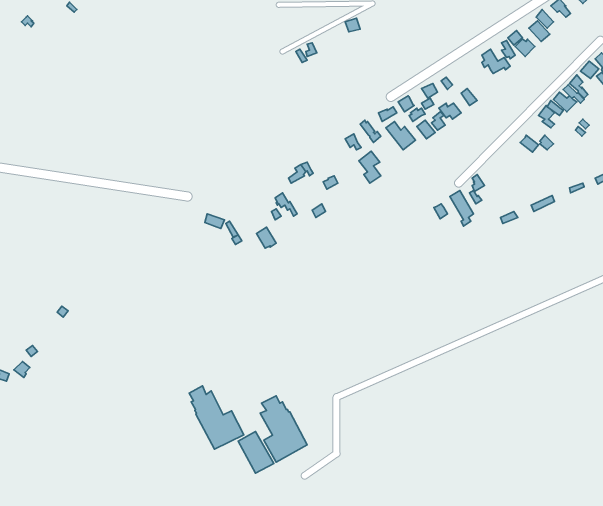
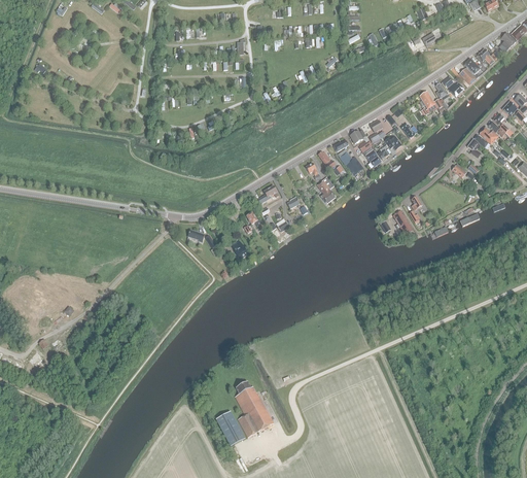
building: [189,386,244,449] -> none

